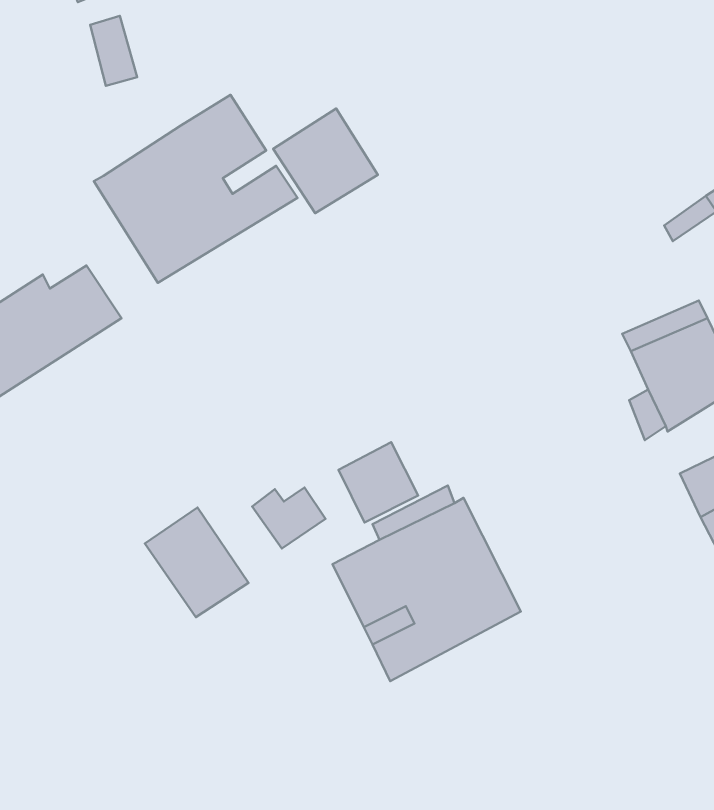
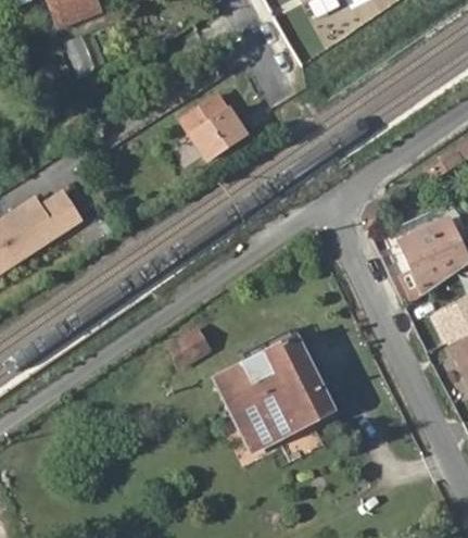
building: [94,95,298,283] -> none
building: [338,442,418,523] -> none
building: [145,507,248,617] -> none

